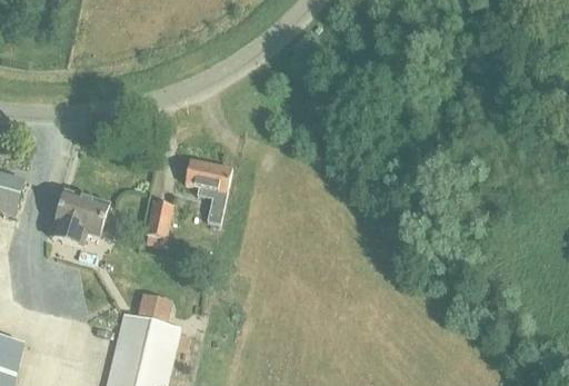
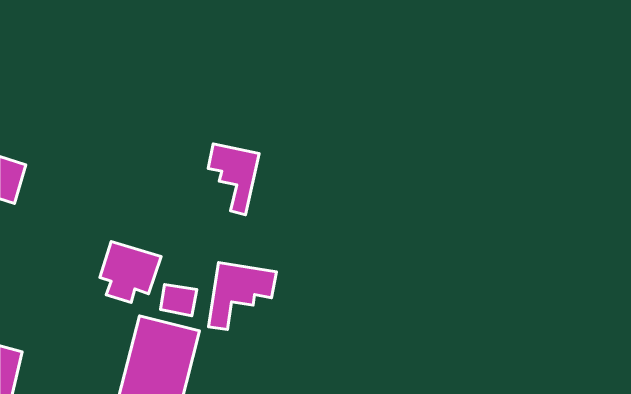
building: [56,190,110,245] -> [100,241,161,302]
building: [148,200,174,237] -> none
building: none -> [209,263,276,329]

